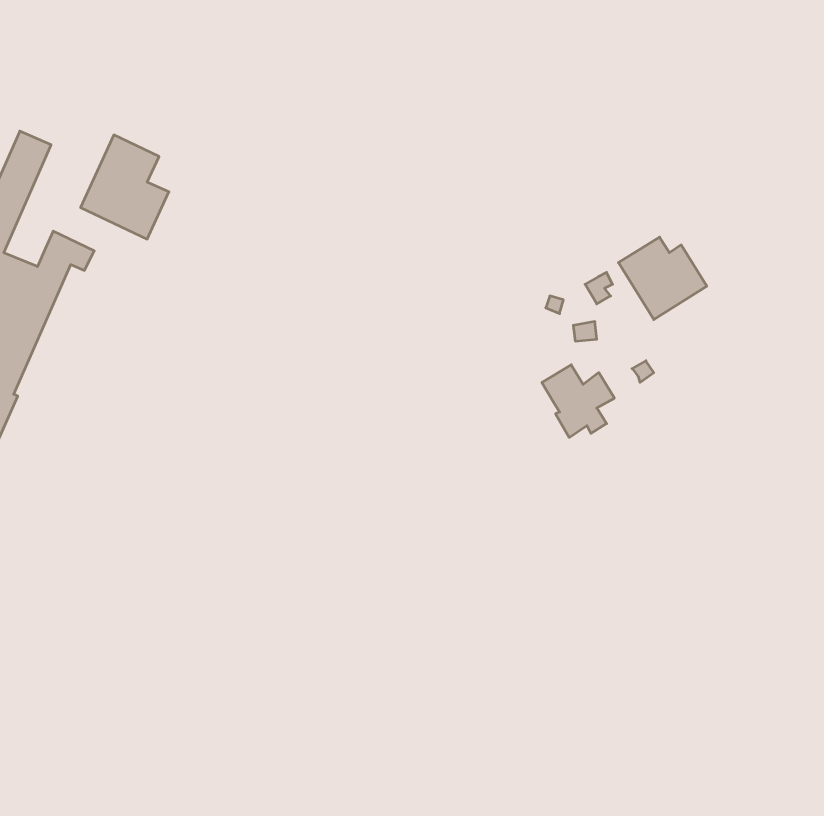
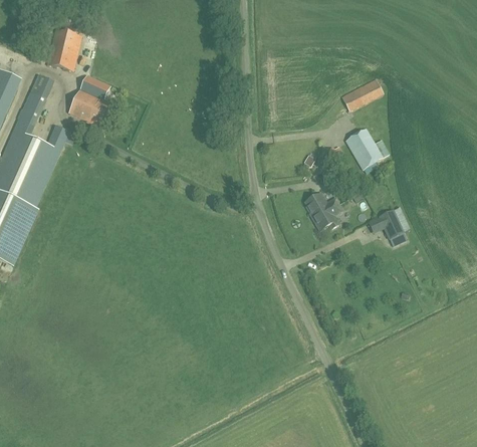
building: none -> [46,29,81,71]
building: none -> [341,78,384,111]
building: none -> [378,209,404,239]

